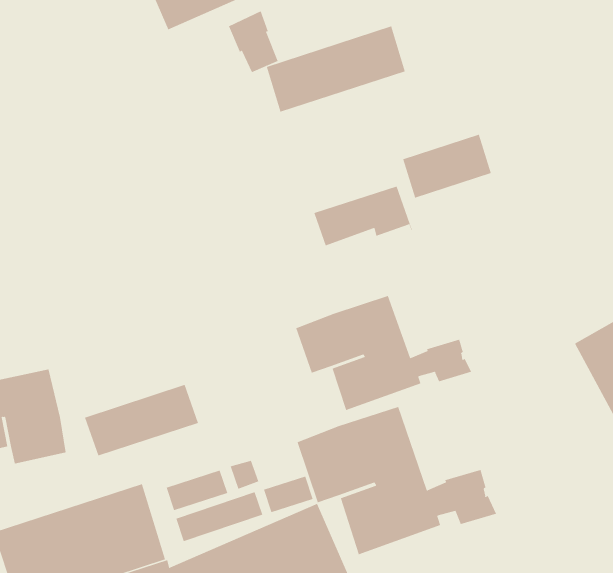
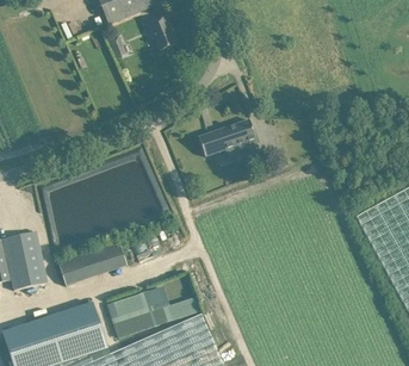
building: [266,26,405,113] -> none
building: [403,134,492,198] -> none
building: [295,295,472,411] -> none
building: [297,406,497,555] -> none

